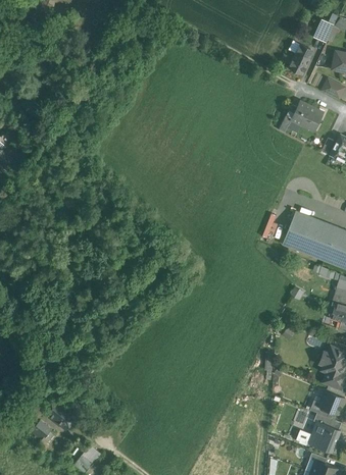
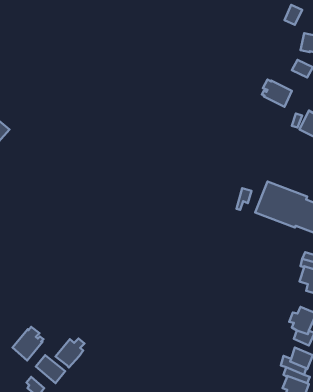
building: [288,44,310,75] -> none
building: none -> [13,327,44,360]
building: none -> [56,338,84,368]

